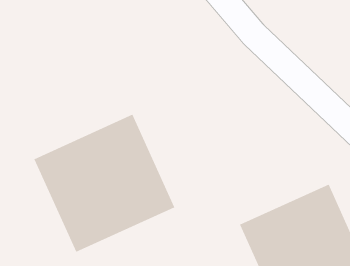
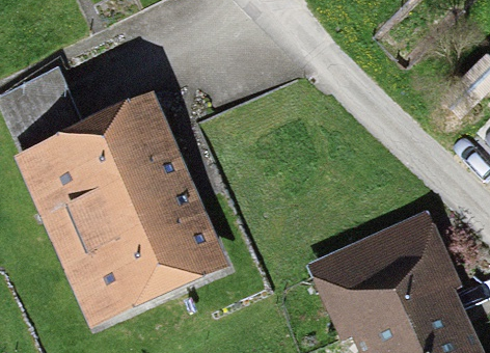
building: none -> [25,87,176,207]

